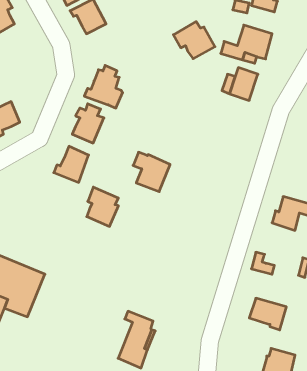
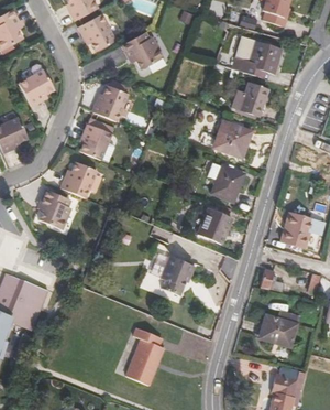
building: [173,22,215,59] -> [122,31,164,68]
building: none -> [19,64,54,106]
building: none -> [212,120,249,158]
building: [133,152,170,192] -> [207,162,244,202]
building: [87,187,118,226] -> [40,190,72,229]
building: none -> [196,207,232,245]
building: none -> [158,255,195,295]

